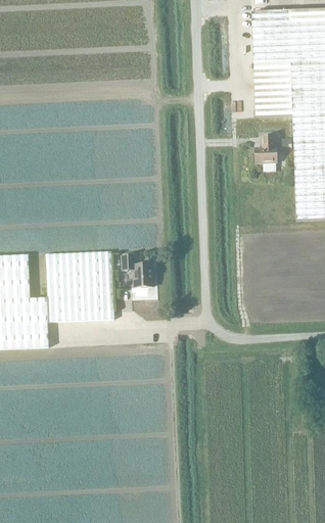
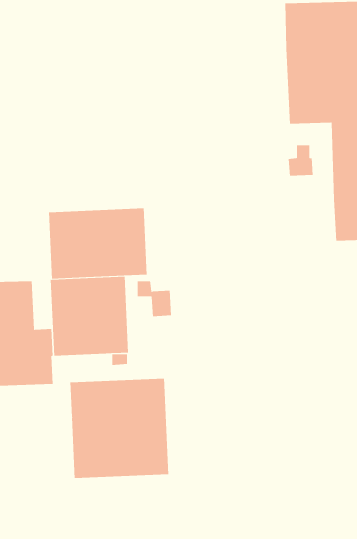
building: none -> [49,207,147,279]
building: none -> [70,378,169,479]

